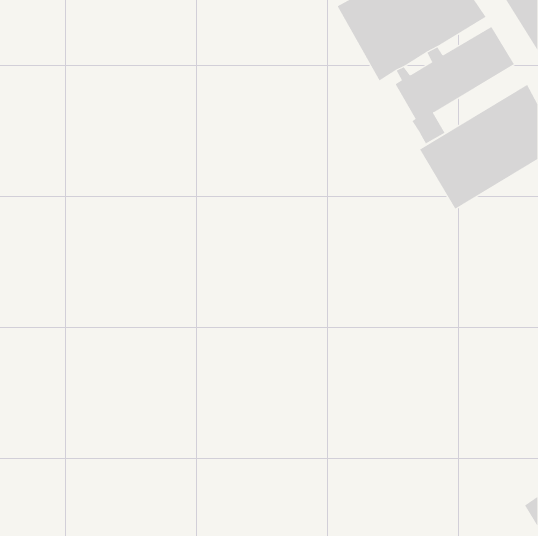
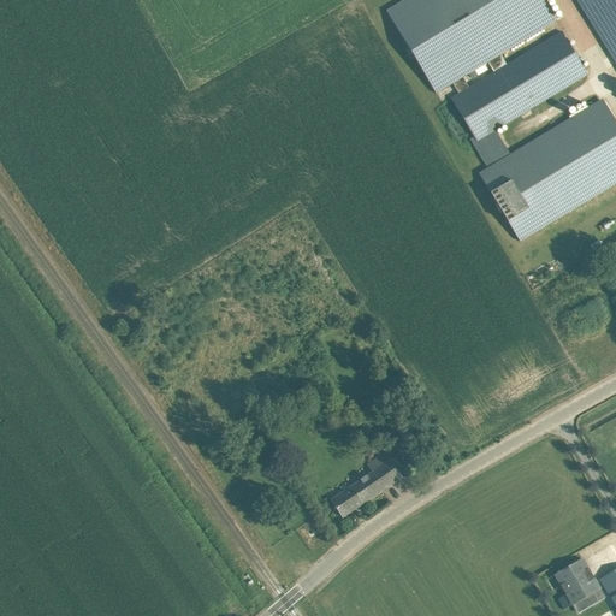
building: none -> [331,451,402,515]
building: none -> [555,557,600,603]

